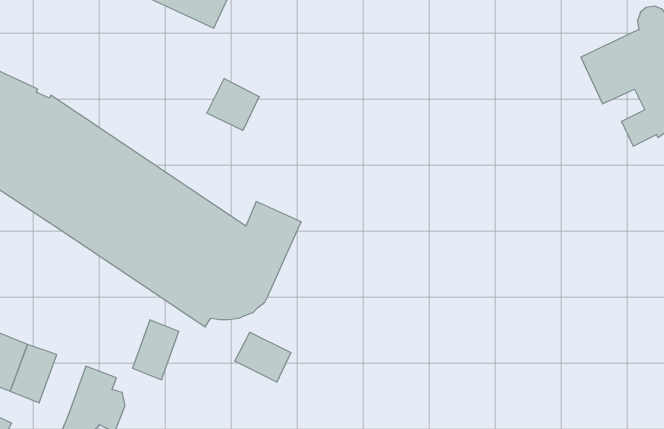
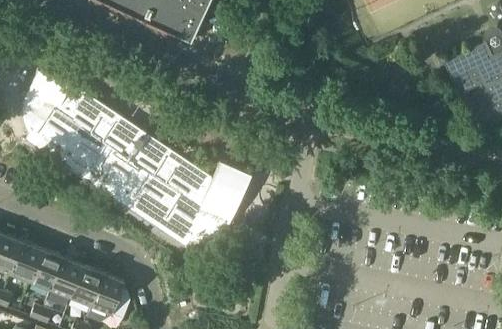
building: [207,78,259,131] -> none
building: [132,320,179,380] -> [71,266,103,307]
building: [235,332,291,382] -> none

